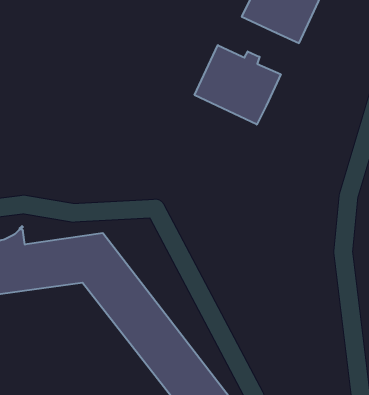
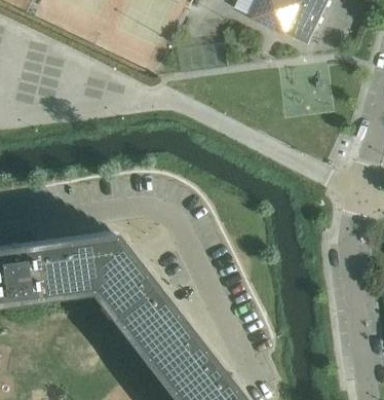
building: [195,45,281,125] -> none

